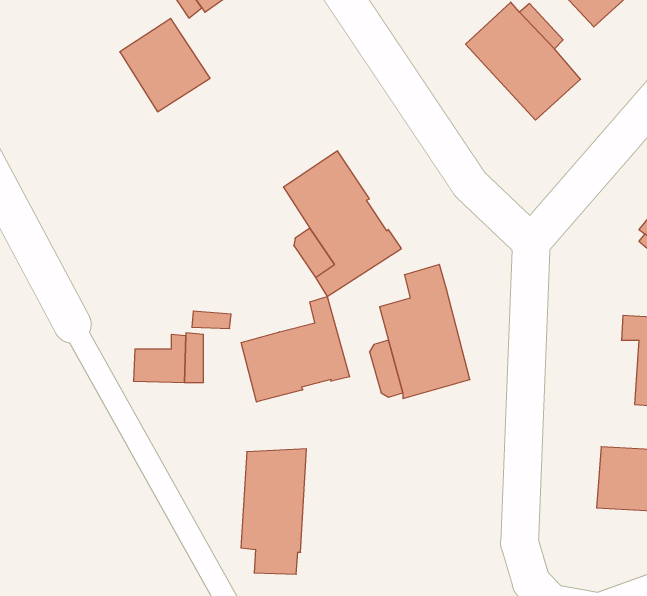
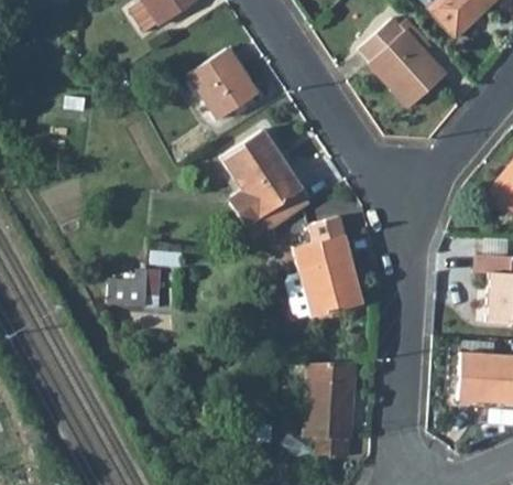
building: [120,18,210,112] -> [188,48,256,119]
building: [241,297,349,402] -> none
building: [241,449,306,574] -> [305,362,354,456]

